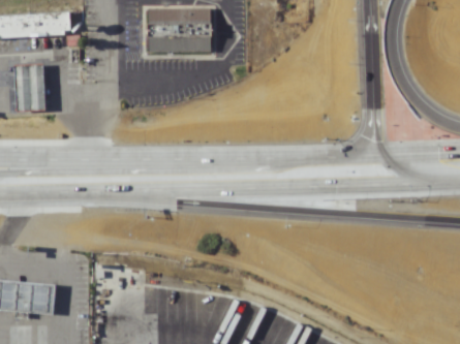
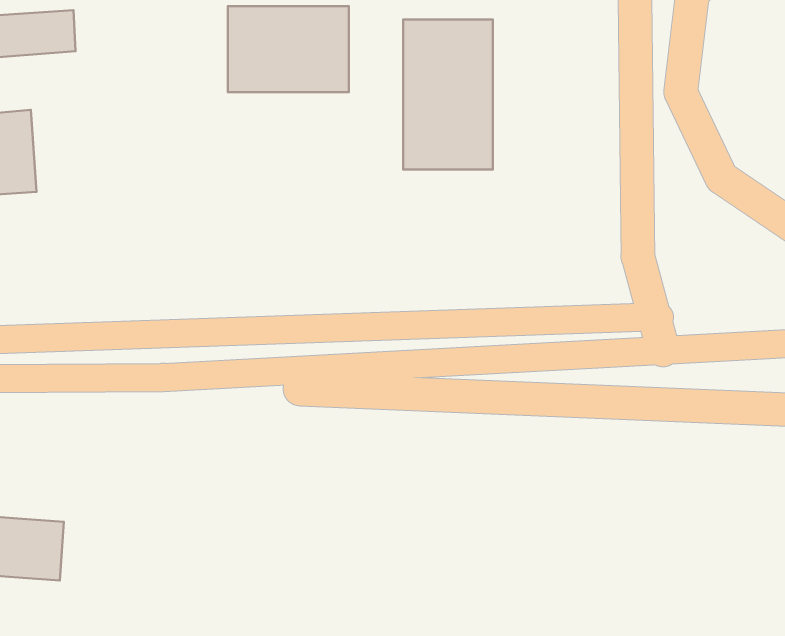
building: none -> [403,19,493,169]

